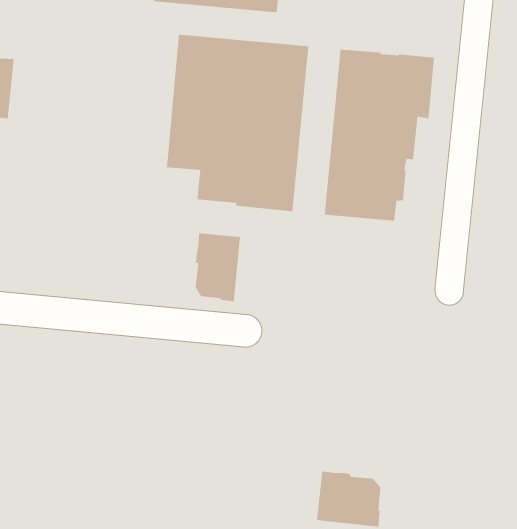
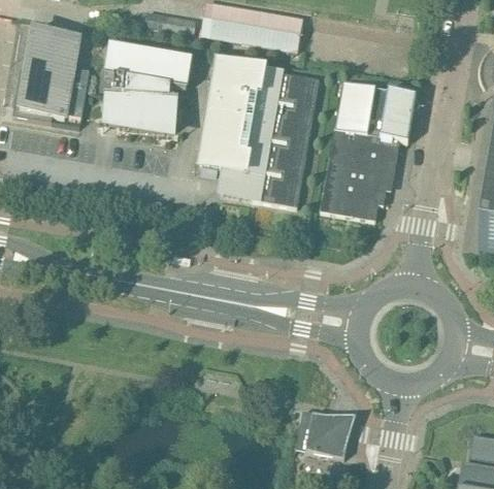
building: none -> [103,45,191,130]
building: [195,232,240,302] -> none

